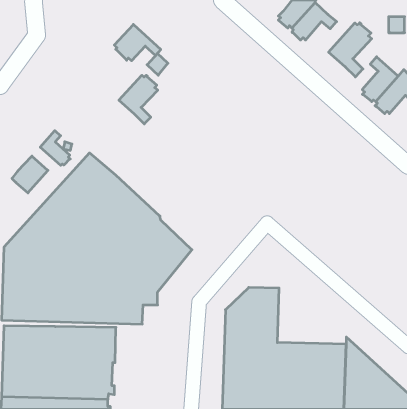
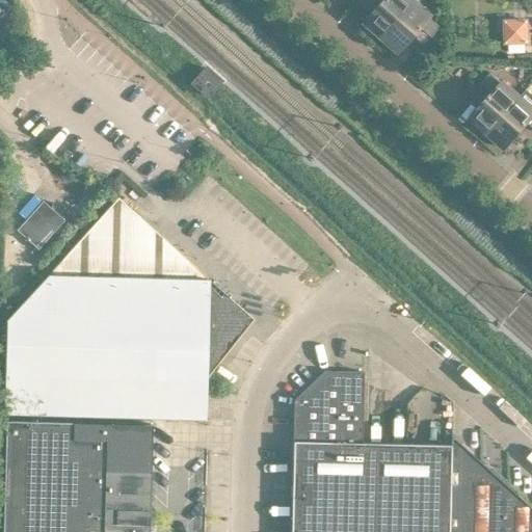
building: [329,23,372,77] -> none
building: [114,24,161,61] -> none
building: [119,75,158,124] -> none
building: [40,131,70,165] -> none

